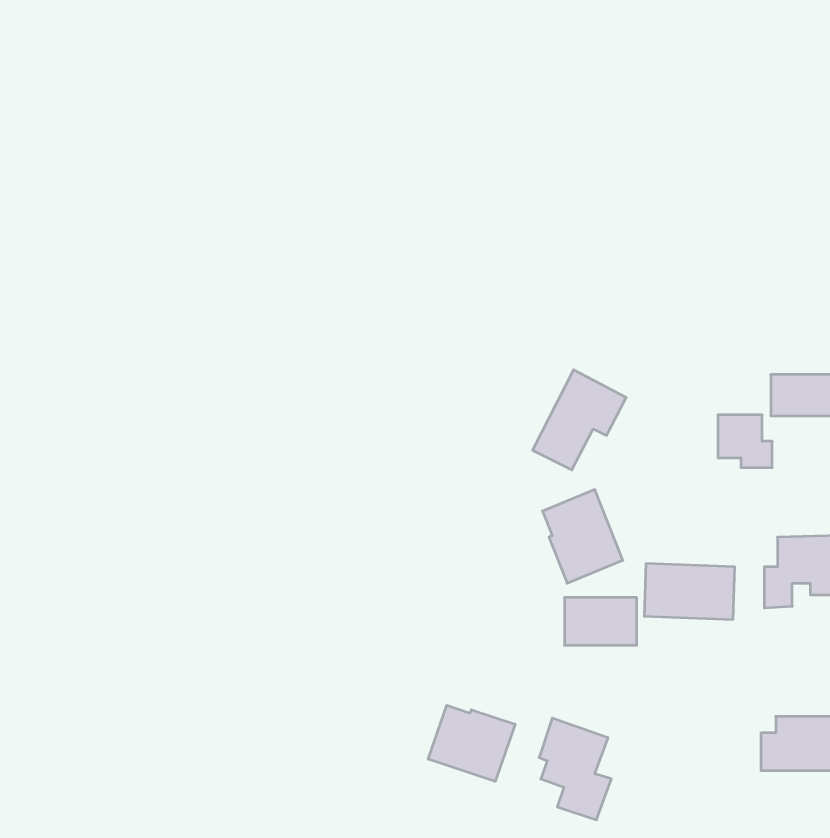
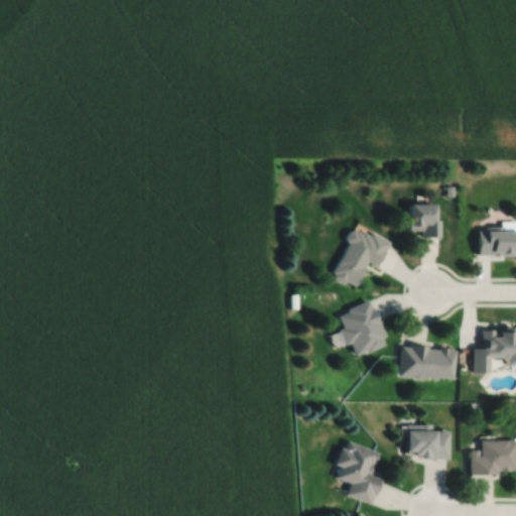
building: [718,415,772,468] -> [409,204,442,236]
building: [564,598,637,645] -> [406,430,450,460]
building: [428,705,515,781] -> none

